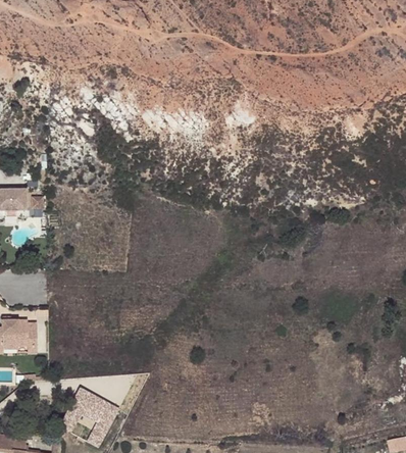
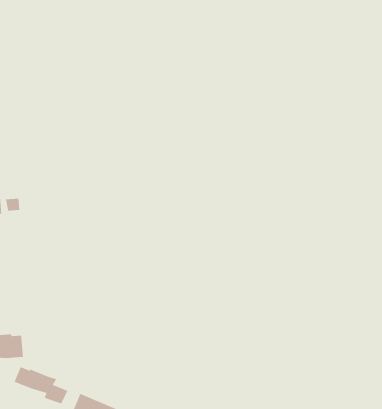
building: none -> [14,366,69,405]

